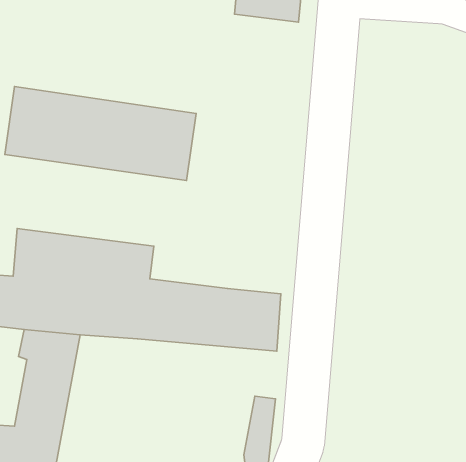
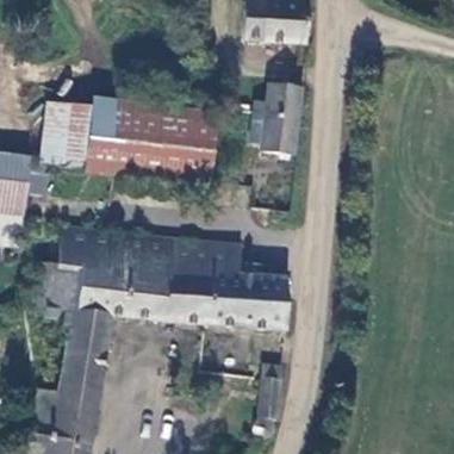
building: none -> [256,85,304,149]
building: none -> [174,238,245,275]

